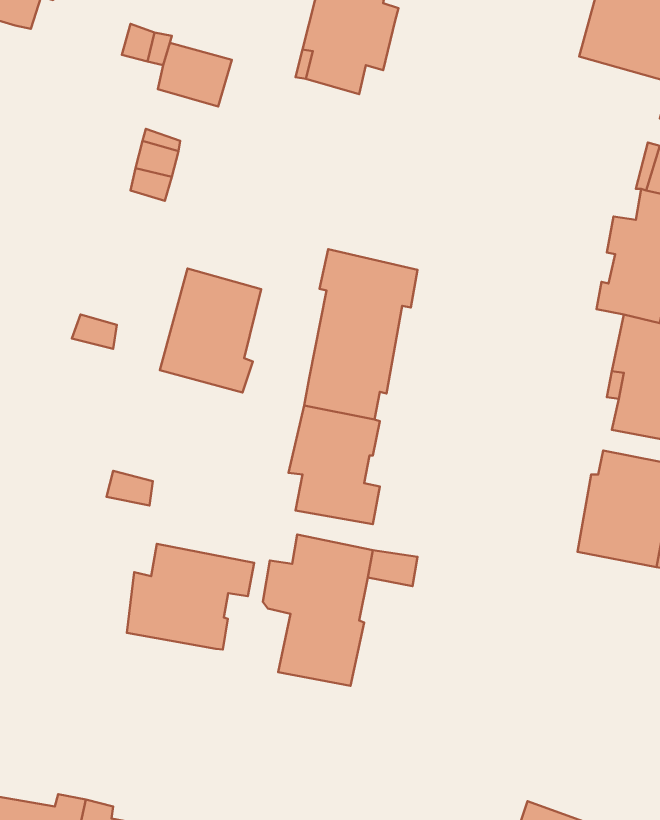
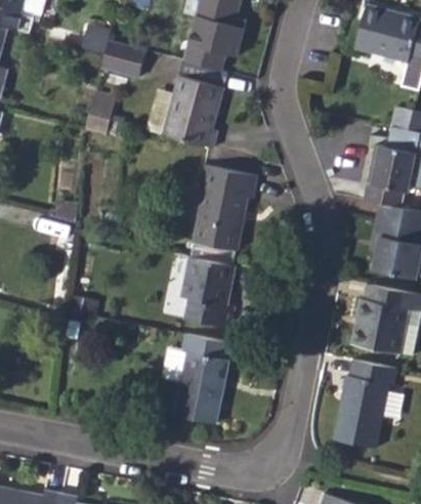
building: [160,269,261,392] -> [163,74,223,148]
building: [127,544,254,650] -> none
building: none -> [334,358,396,448]

